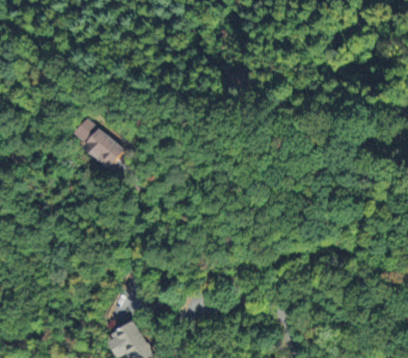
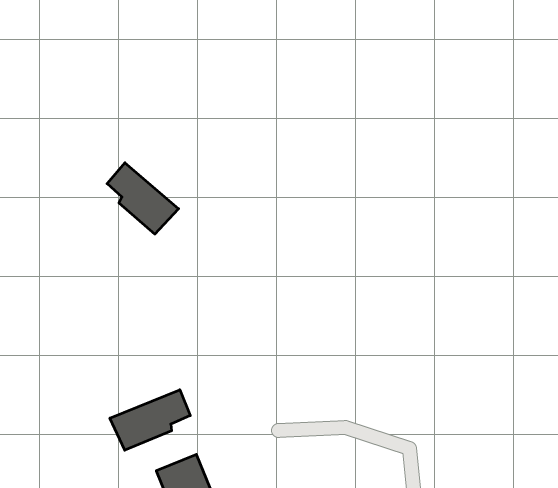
building: none -> [110,390,190,450]

